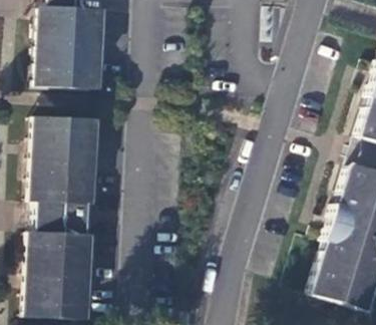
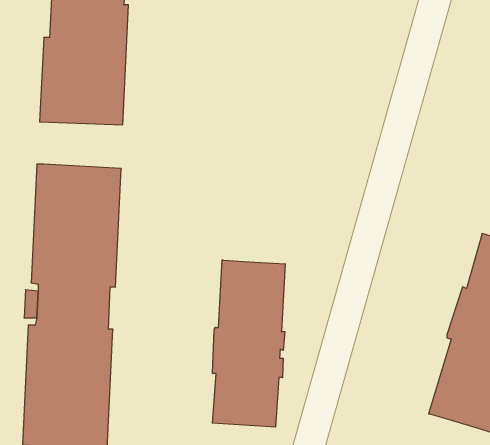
building: none -> [212,260,285,427]

